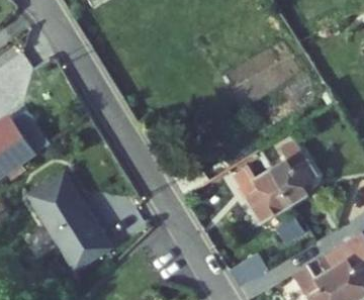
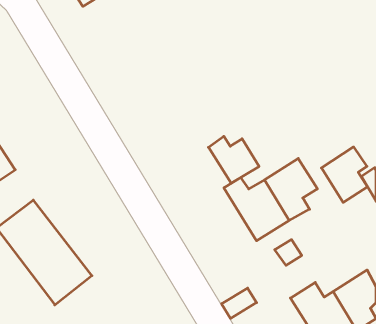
building: none -> [208,136,259,183]
building: none -> [321,147,368,202]

